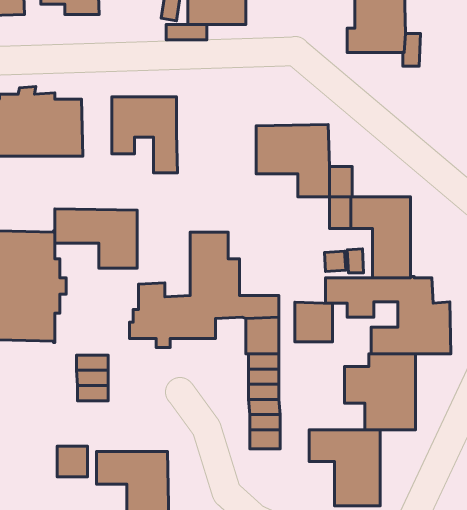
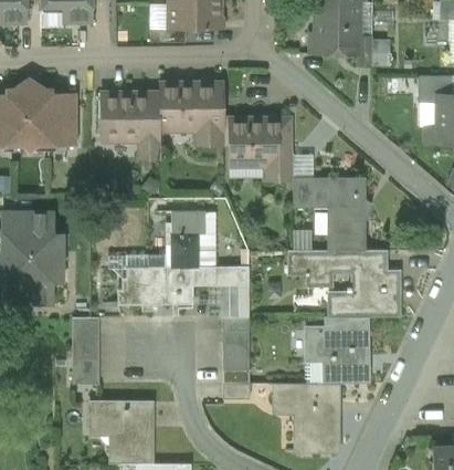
building: none -> [159,82,223,144]
building: [55,209,137,268] -> none
building: [295,302,332,342] -> none
building: [57,446,87,477] -> [73,357,99,384]

